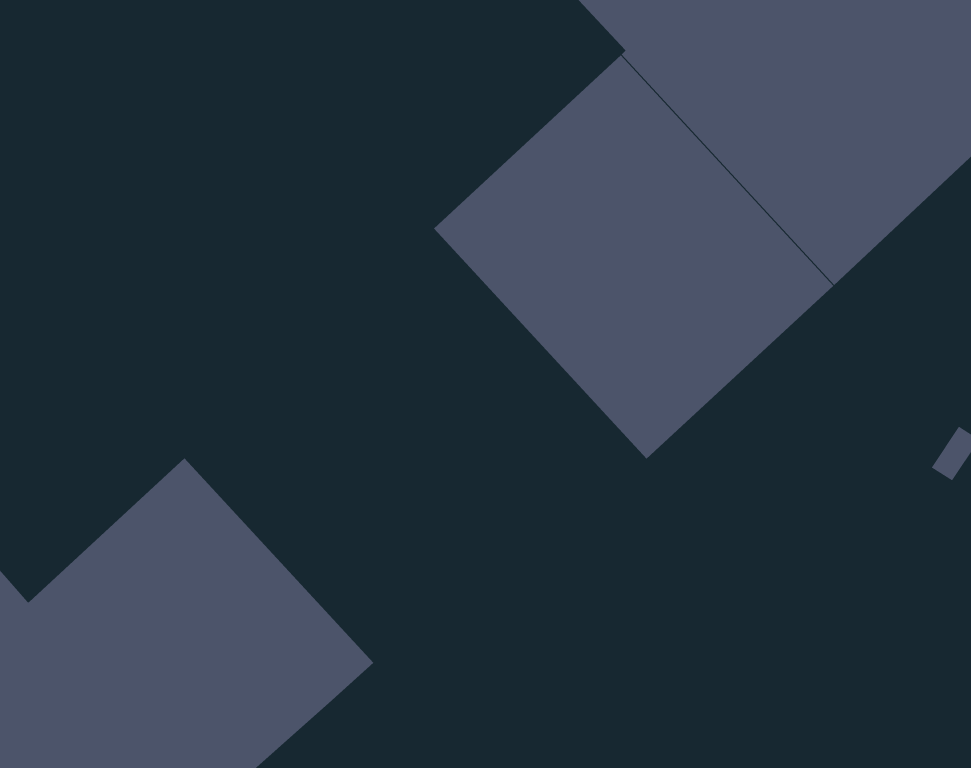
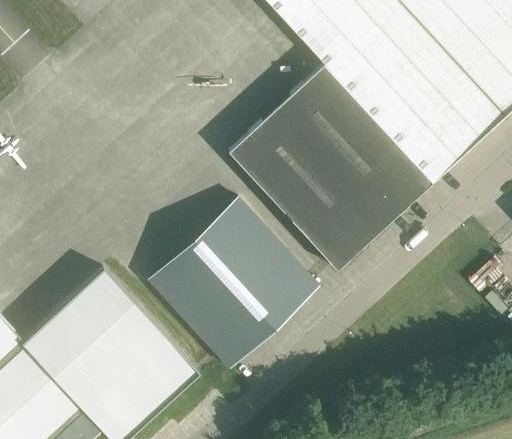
building: none -> [149,198,319,367]

